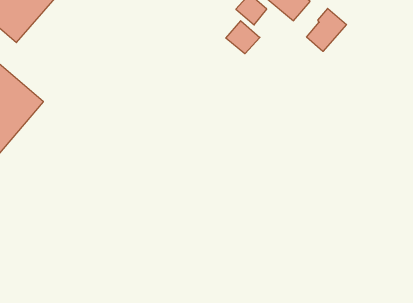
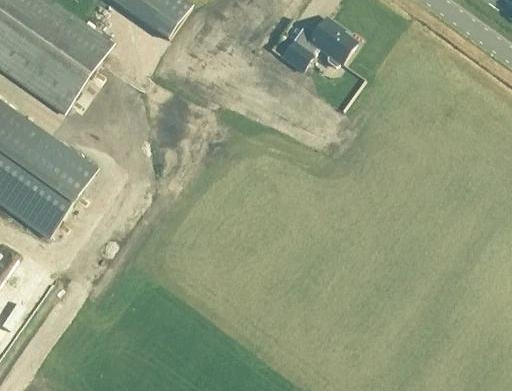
building: [307,8,346,51] -> none
building: [226,21,260,54] -> none

